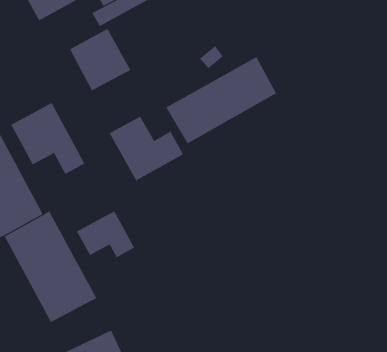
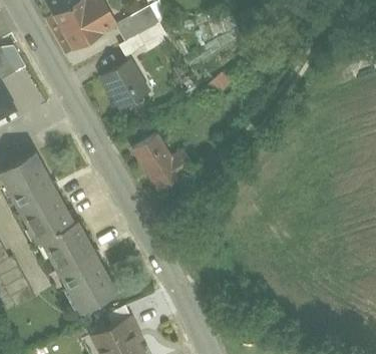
building: [166,56,277,144] -> none
building: [10,102,85,175] -> none
building: [76,210,135,258] -> none

